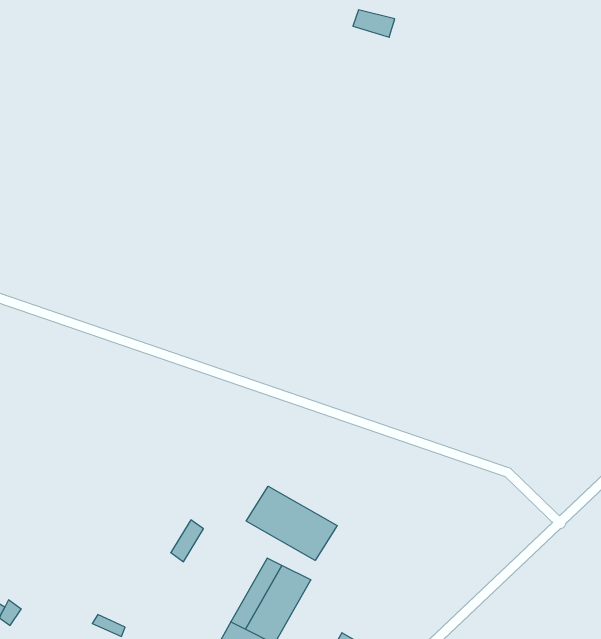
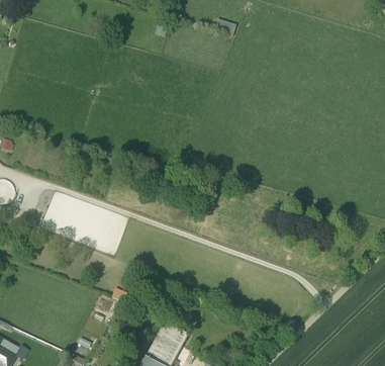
building: [246,486,337,560] -> none

